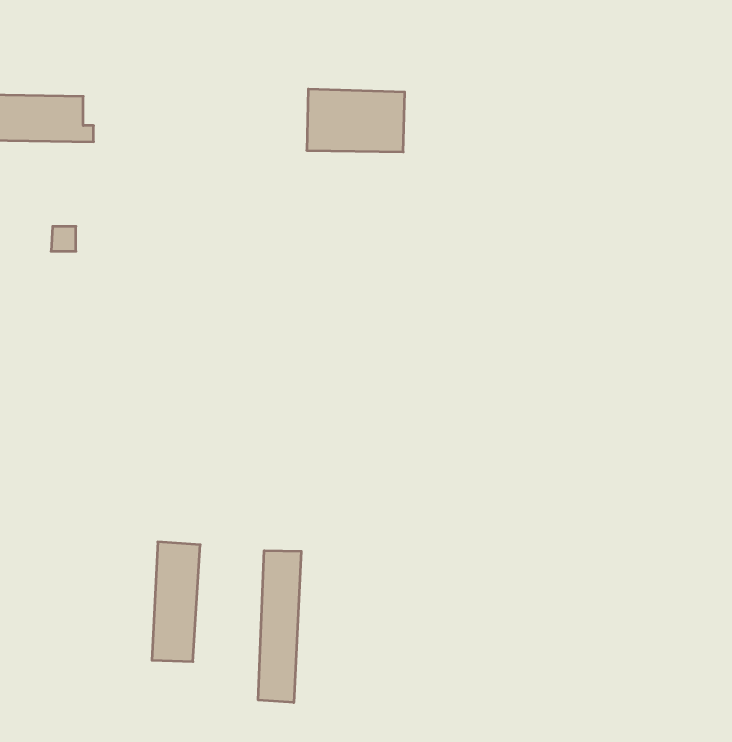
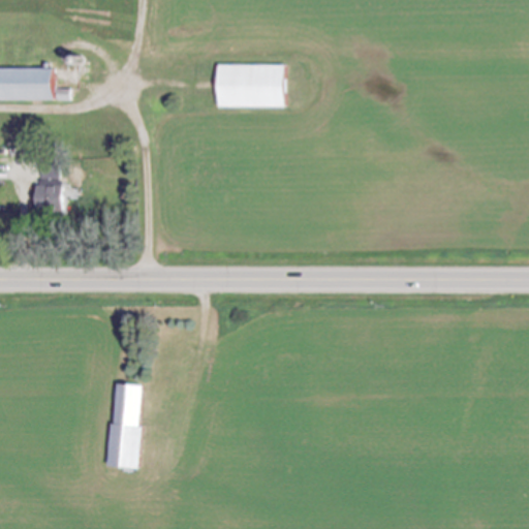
building: none -> [31,184,65,212]
building: [258,551,301,703] -> none

